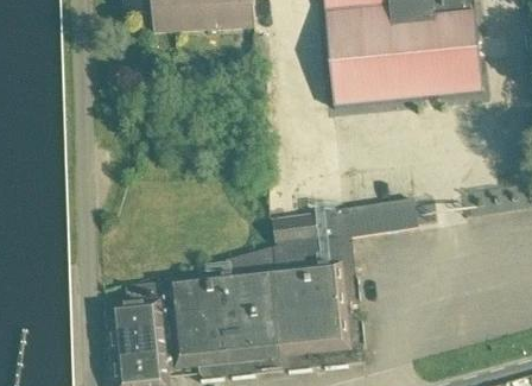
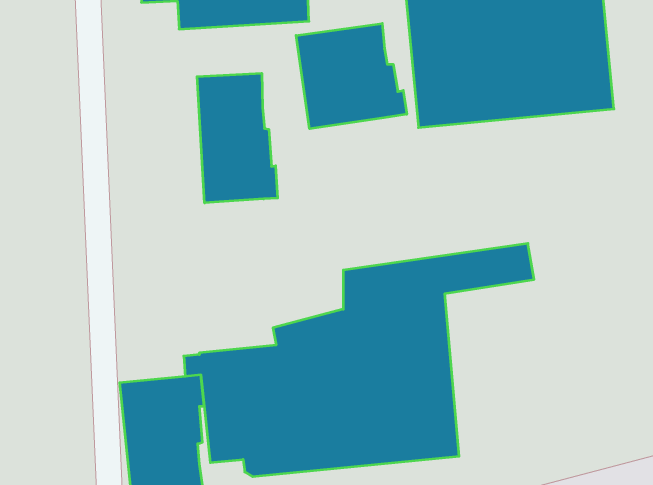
building: none -> [296,23,407,129]
building: none -> [197,73,278,203]

